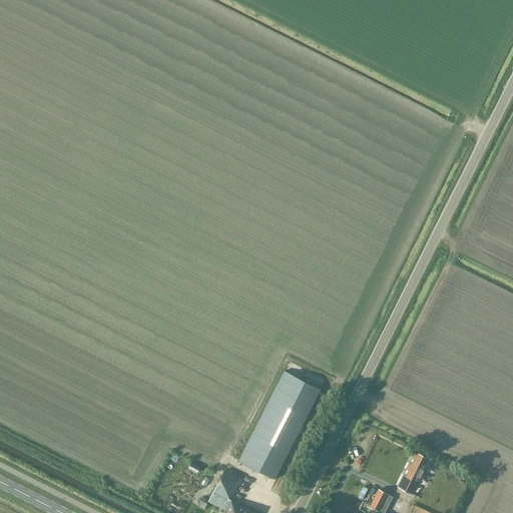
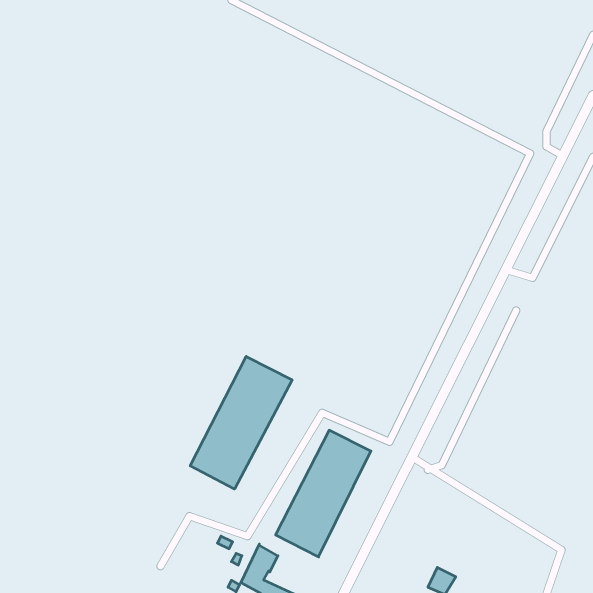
building: none -> [190,356,292,489]
building: [399,452,429,490] -> none

